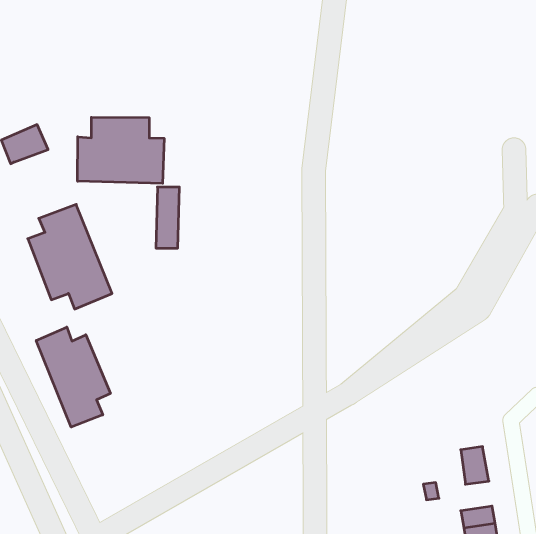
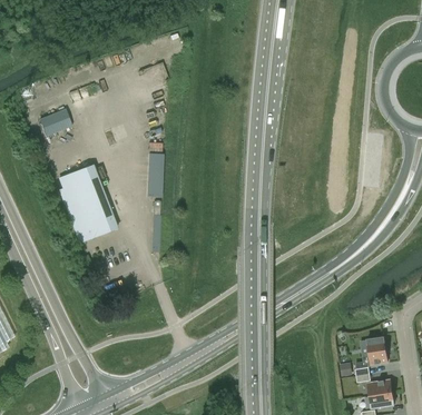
building: [78,117,164,183] -> none
building: [36,327,110,427] -> none

